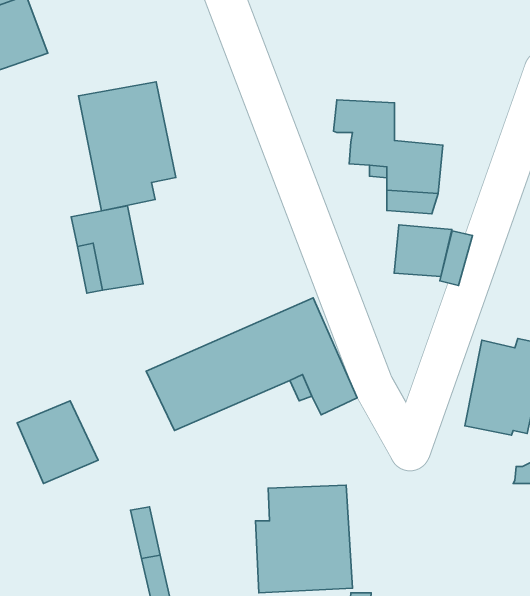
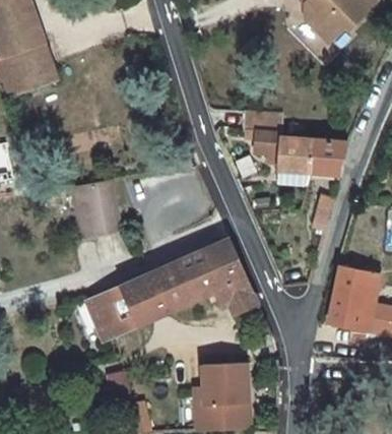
building: [79,82,176,211] -> none
building: [394,225,452,276] -> [311,139,348,173]
building: [17,401,98,484] -> [86,287,139,340]

